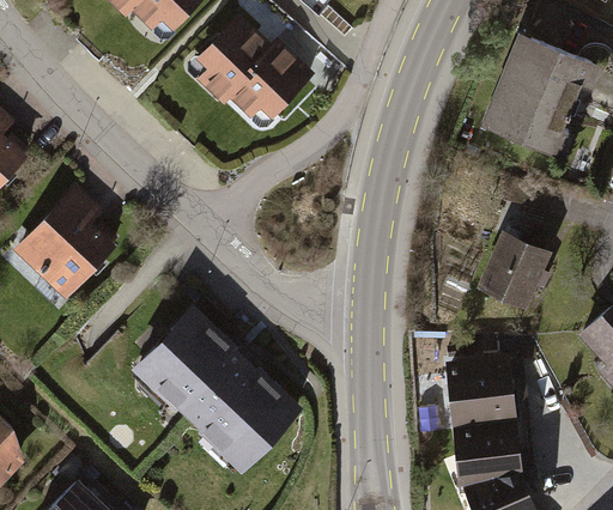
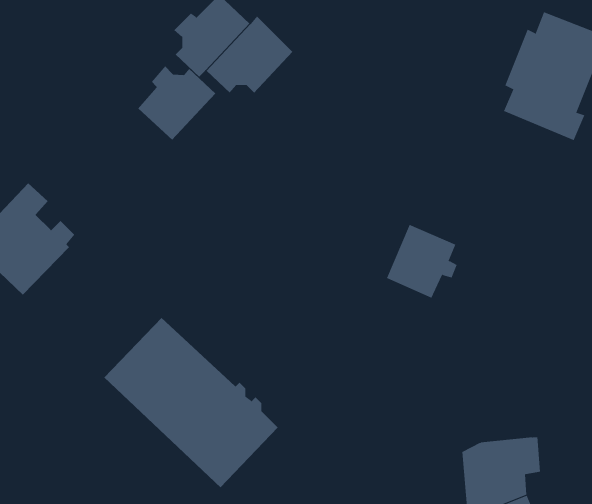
building: none -> [138,66,216,141]
building: [481,237,545,303] -> [386,224,457,298]
building: [450,362,520,432] -> none

